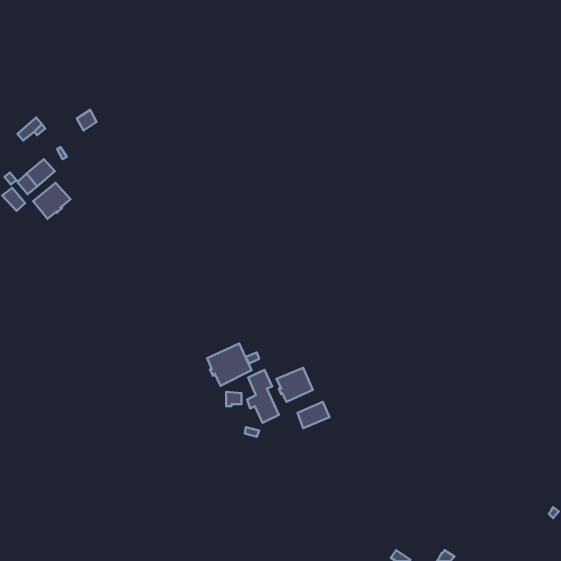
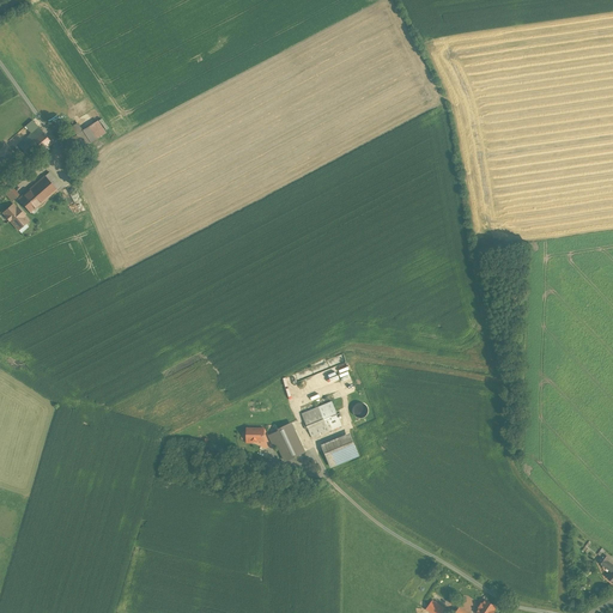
building: [33,183,70,219] -> none
building: [207,344,252,386] -> none

